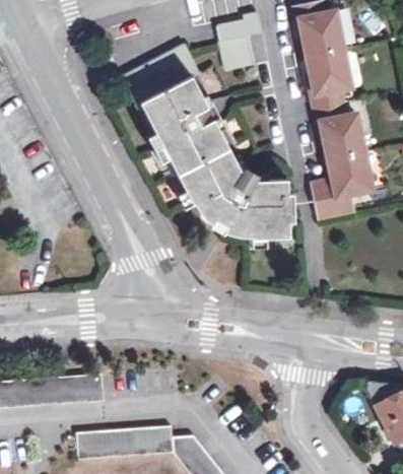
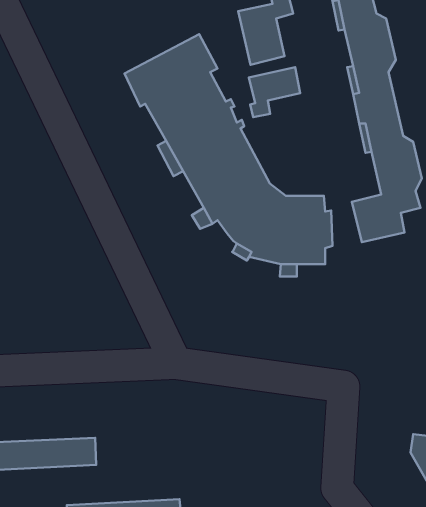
building: none -> [249,67,300,117]

